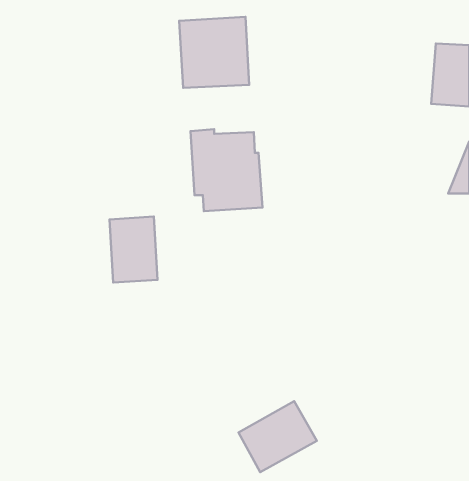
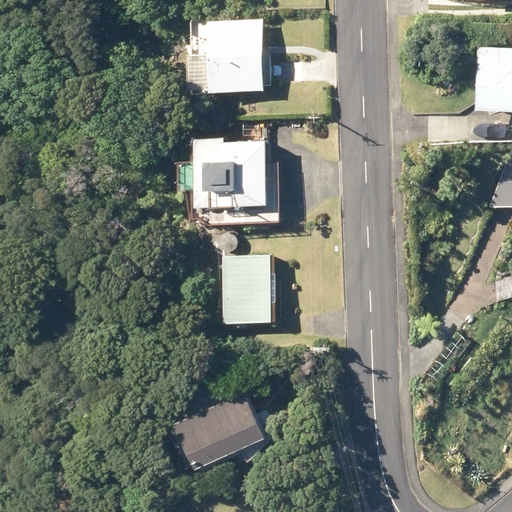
building: [109,217,158,283] -> [221,254,272,324]
building: [238,401,317,472] -> [189,393,272,468]

